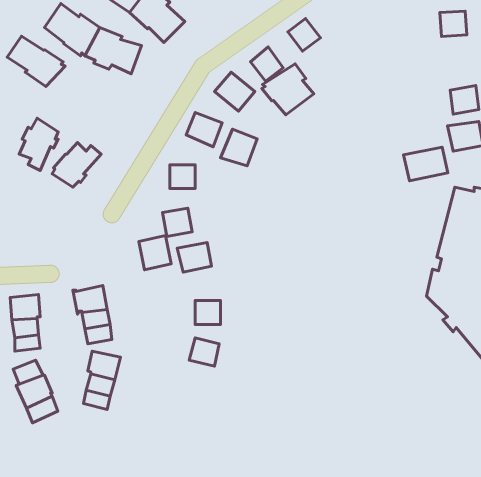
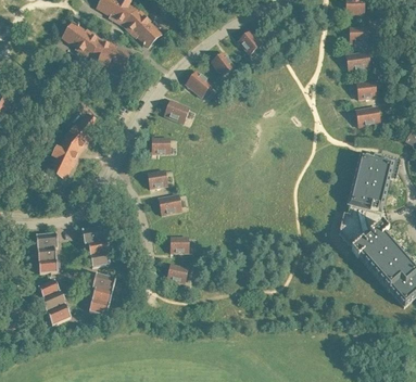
building: [7,36,65,87] -> none
building: none -> [345,50,370,72]
building: [262,64,314,115] -> none
building: [19,118,58,171] -> [53,143,81,181]
building: [220,129,257,166] -> none
building: [404,147,448,181] -> none
building: [139,236,171,270] -> none

